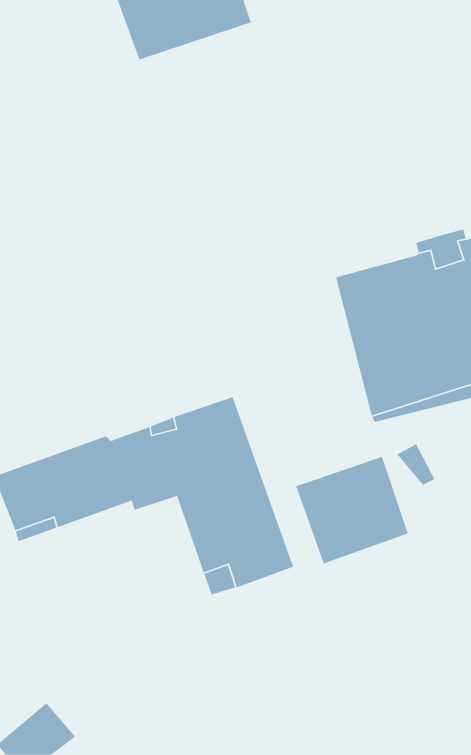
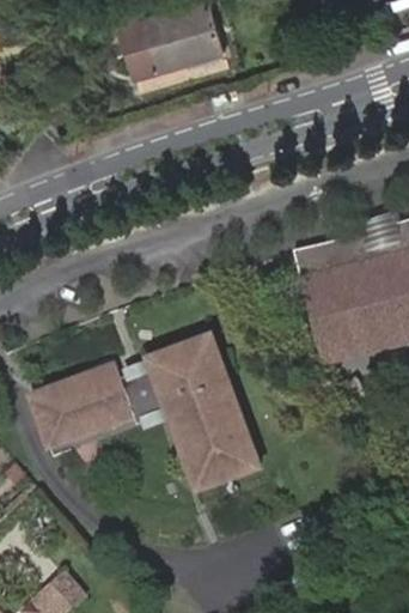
building: [295,456,409,564] -> none

